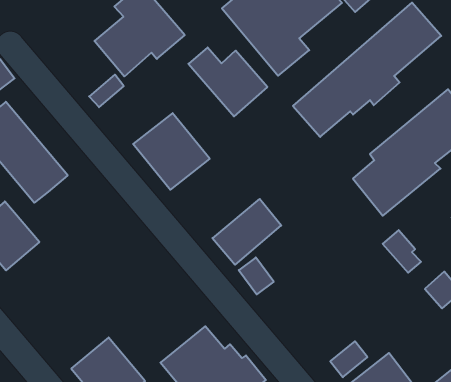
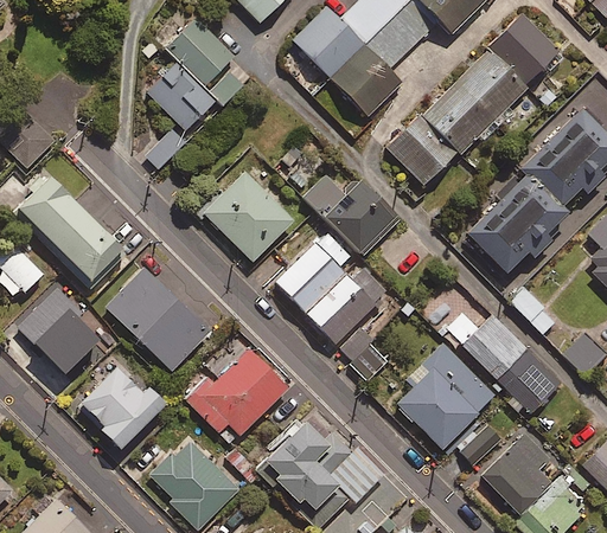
building: [188,47,267,116] -> [305,176,401,256]
building: none -> [275,231,358,314]
building: none -> [104,266,210,371]
building: none -> [448,313,560,413]
building: none -> [186,348,288,435]
building: none -> [75,360,167,448]
building: none -> [397,345,496,449]

